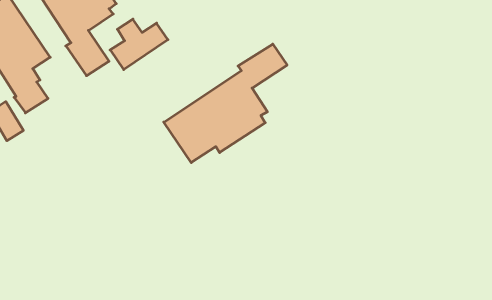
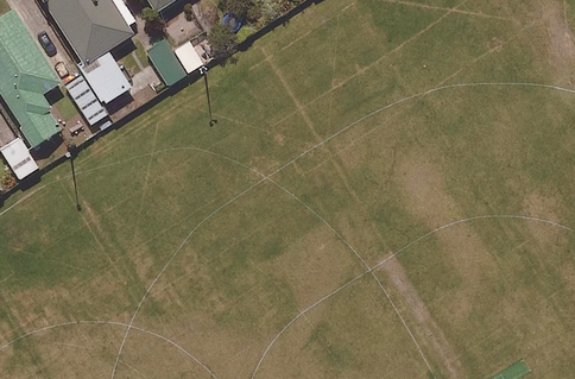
building: [164,44,287,163] -> none

